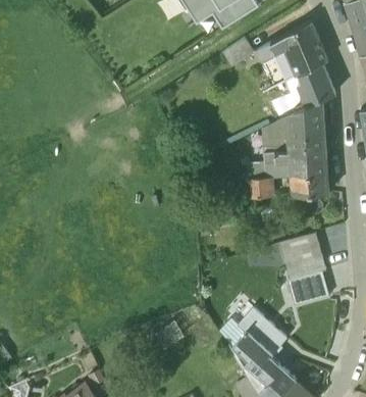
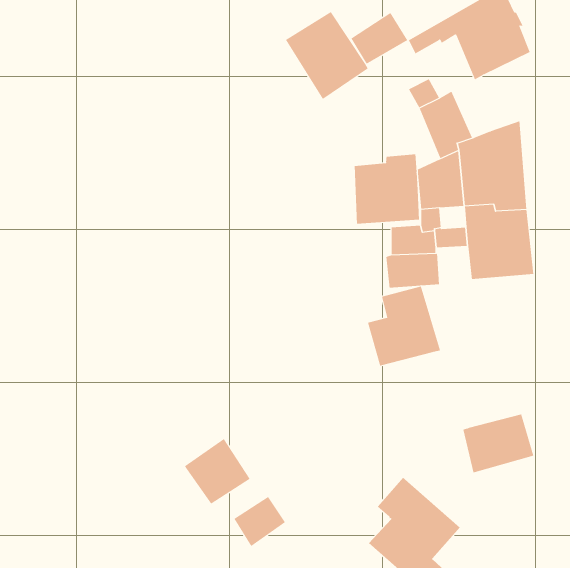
building: none -> [285,11,369,100]
building: [295,60,333,107] -> none
building: none -> [354,153,420,224]
building: [282,234,325,281] -> [367,286,441,366]
building: none -> [184,438,250,505]

